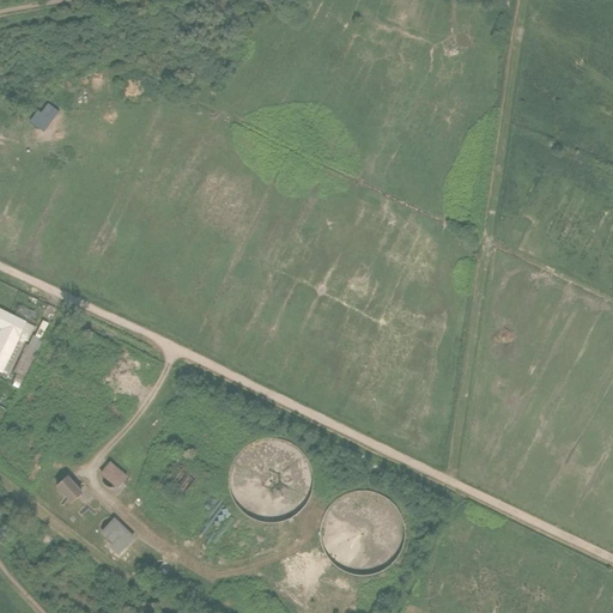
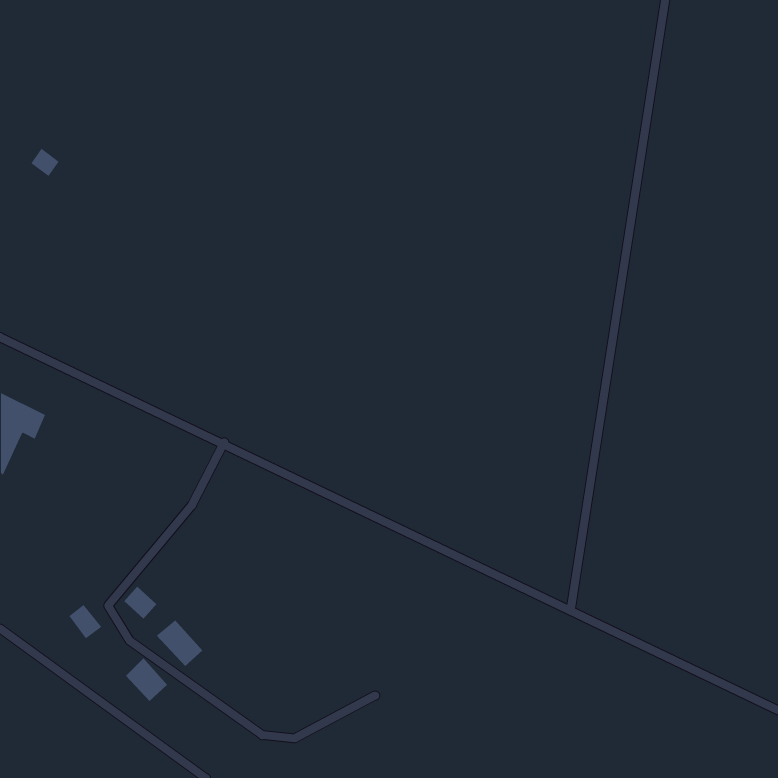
building: none -> [156,619,203,667]

